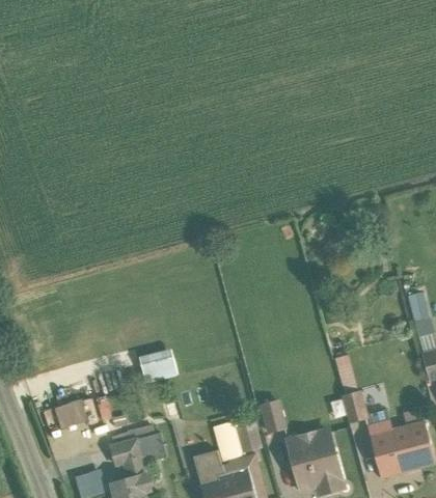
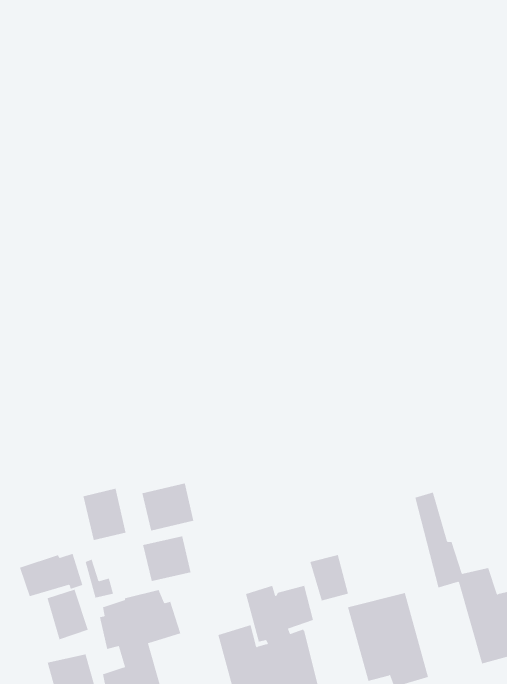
building: none -> [83,488,126,541]
building: none -> [143,535,191,582]
building: none -> [47,589,89,640]

